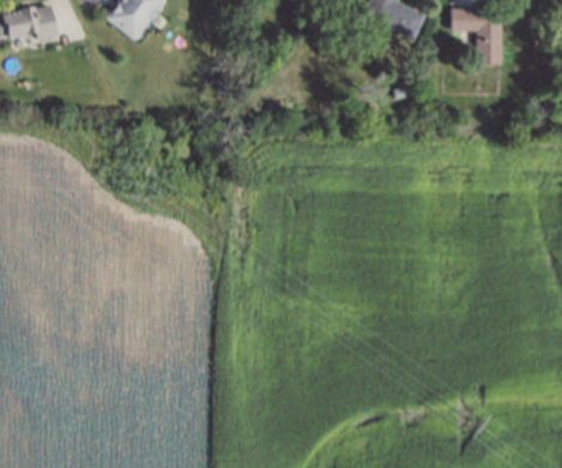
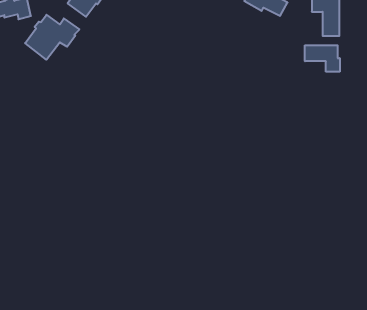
building: none -> [25,15,79,60]
building: none -> [305,45,340,72]

